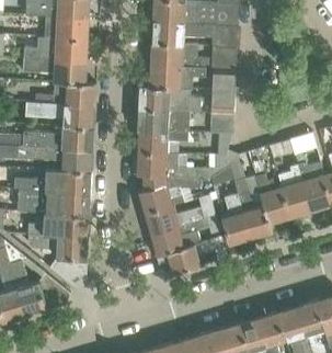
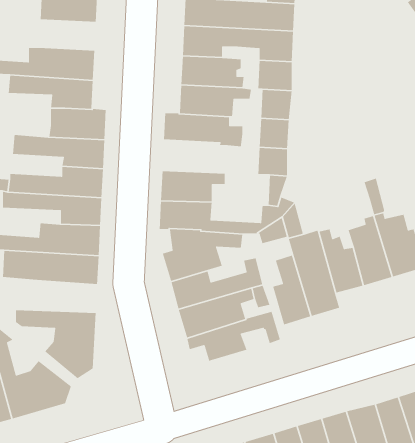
building: [45,15,89,38] -> none
building: [138,106,187,132] -> none
building: [27,213,90,237] -> none

